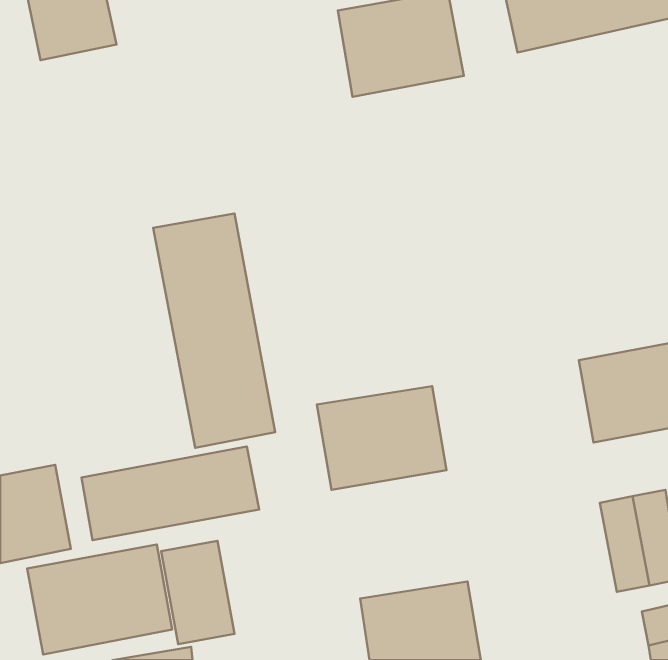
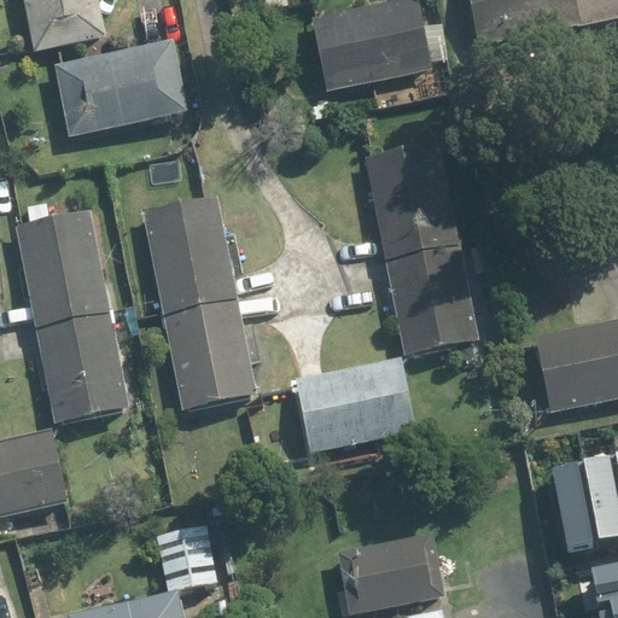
building: none -> [52,43,186,138]
building: none -> [365,140,478,355]
building: none -> [13,198,130,425]
building: [82,447,259,540] -> none
building: [27,545,172,654] -> none

